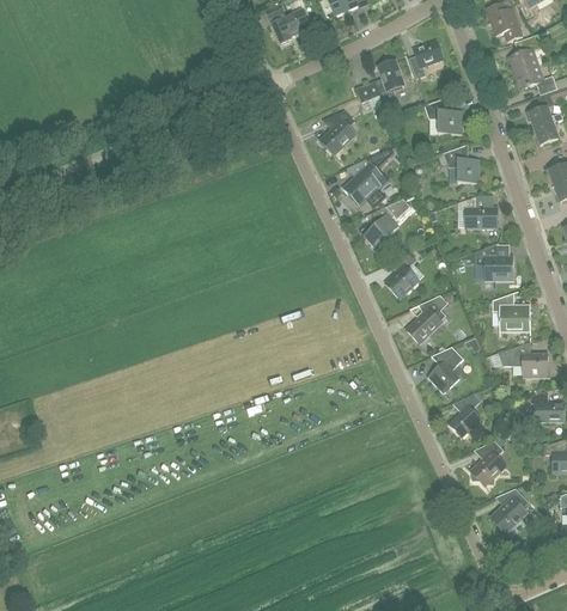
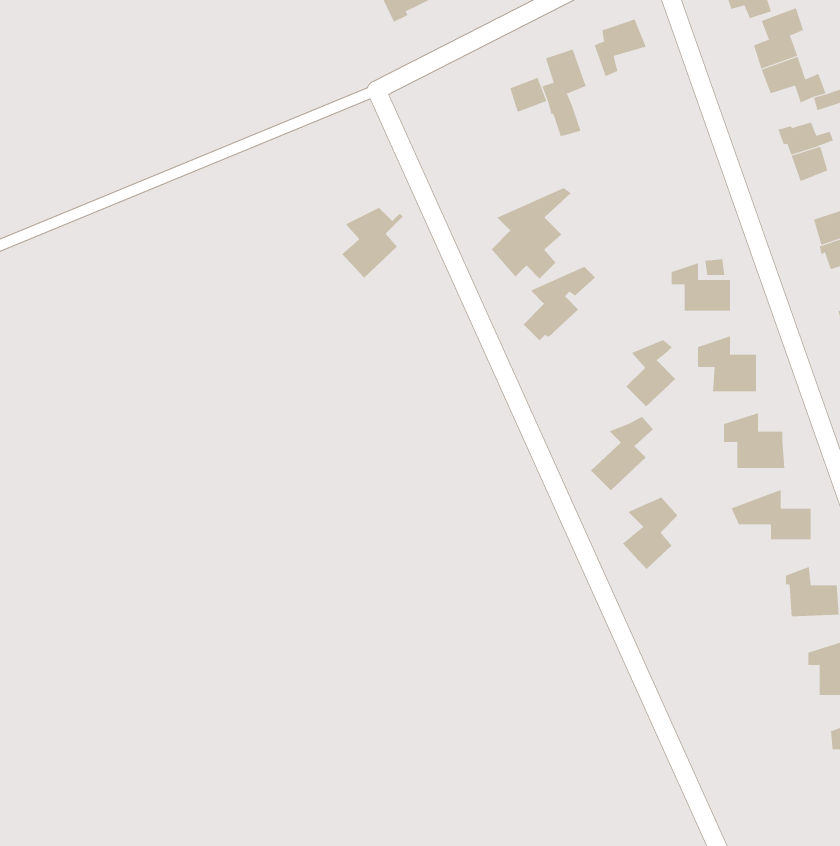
building: [422,97,462,134] -> none
building: [319,109,359,154] -> [342,207,403,278]
building: [438,146,478,182] -> none
building: [384,252,416,295] -> [626,340,676,407]
building: [447,393,480,436] -> none
building: [469,436,505,484] -> none
building: [490,488,528,532] -> none

